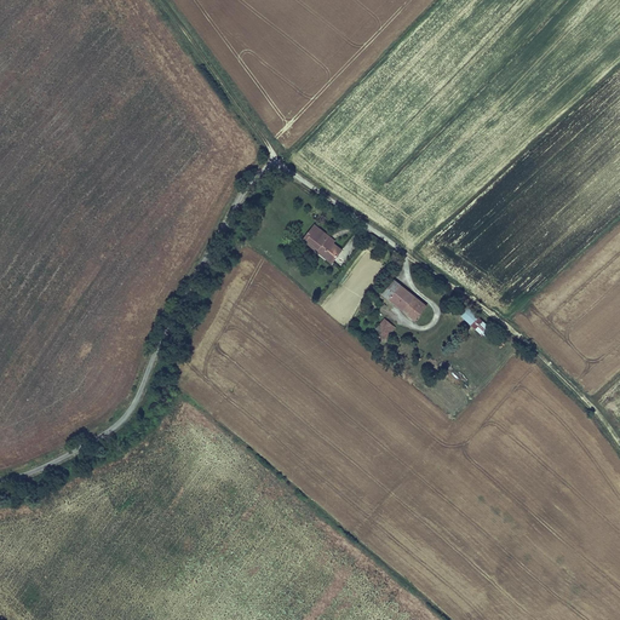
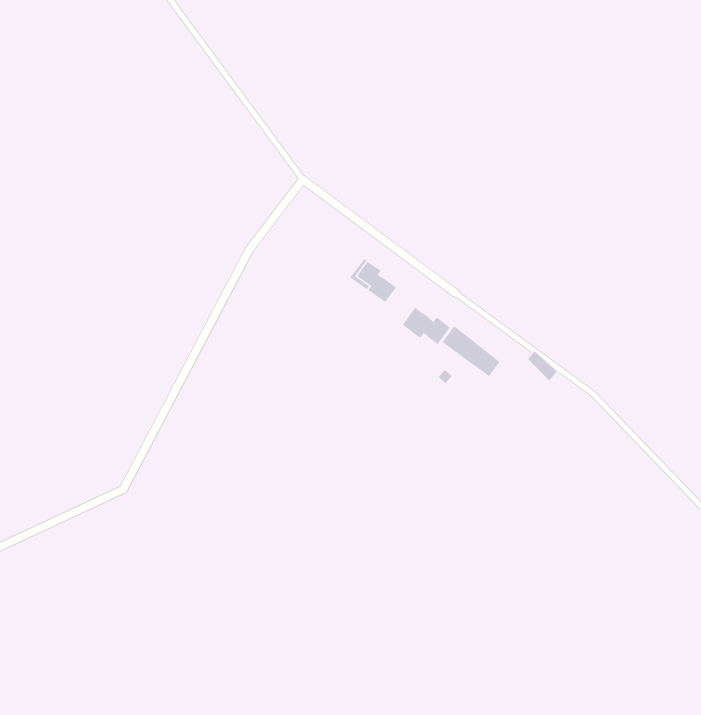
building: none -> [402,307,451,345]

